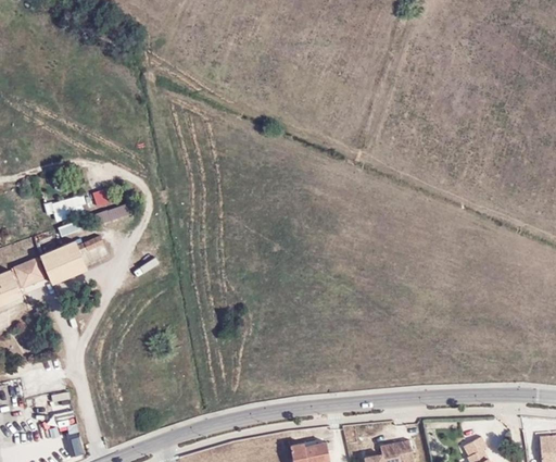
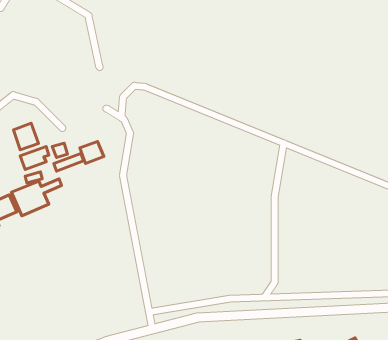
building: none -> [14,123,38,150]
building: none -> [80,142,104,163]

